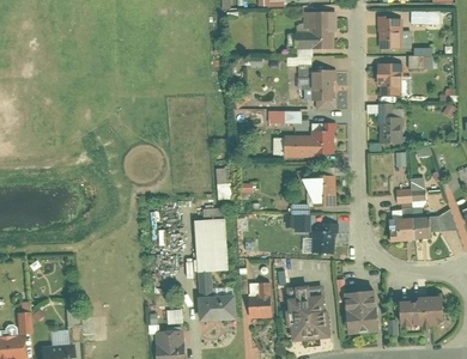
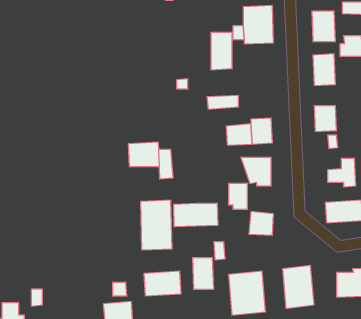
building: [313,69,335,109] -> [211,33,232,70]
building: none -> [129,142,159,167]
building: none -> [174,203,218,227]

